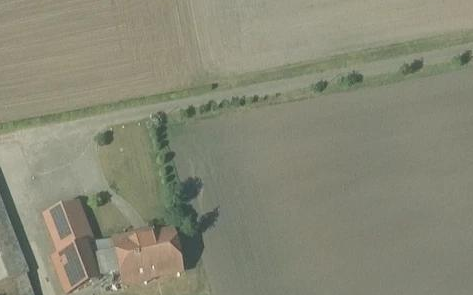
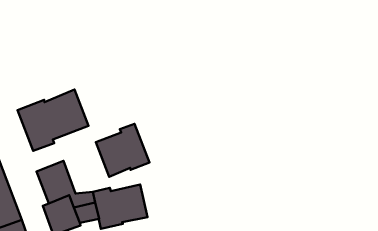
building: none -> [18,90,88,151]
building: none -> [96,124,149,177]

